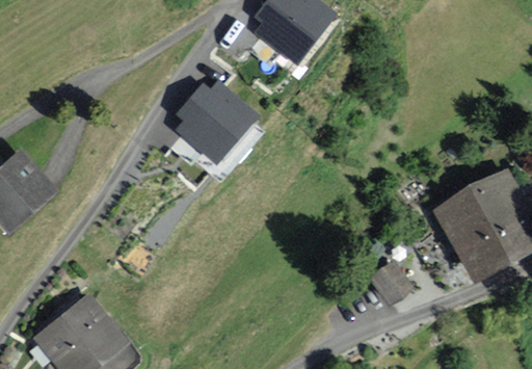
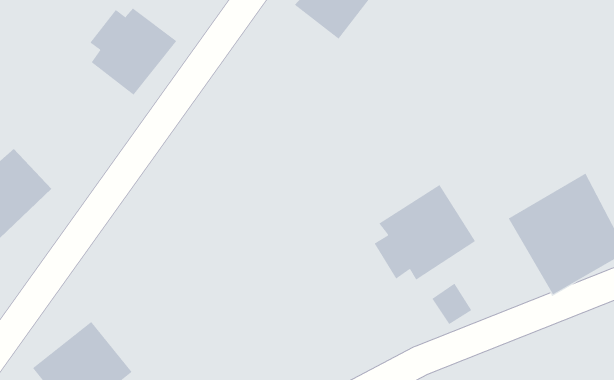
building: [179,84,252,158] -> [89,8,177,96]
building: none -> [374,184,476,280]

